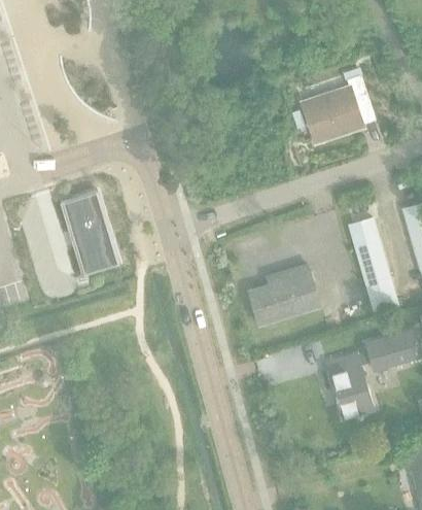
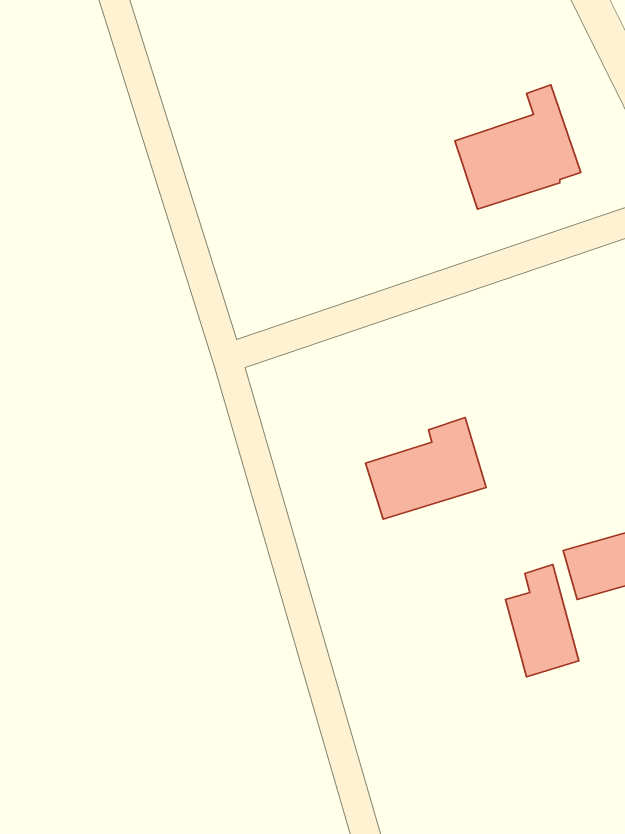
building: [60,191,117,275] -> none
building: [349,218,388,306] -> none

